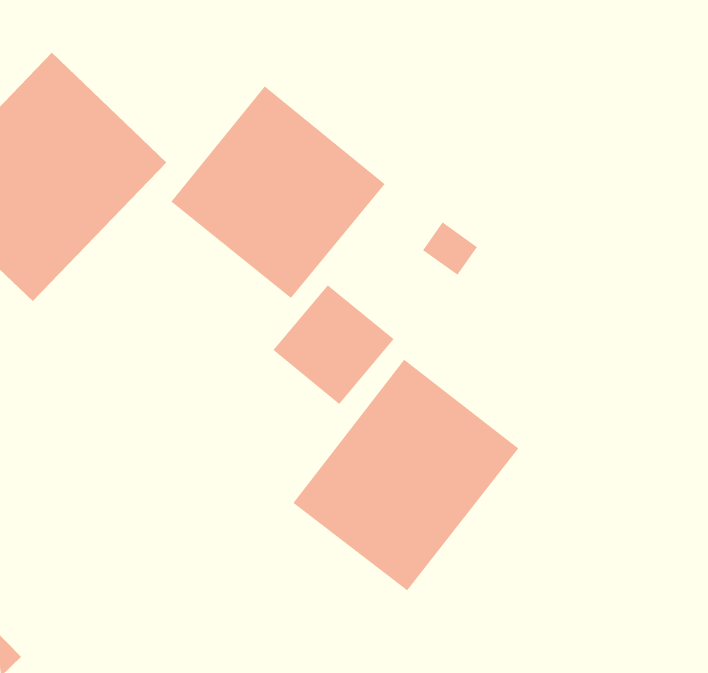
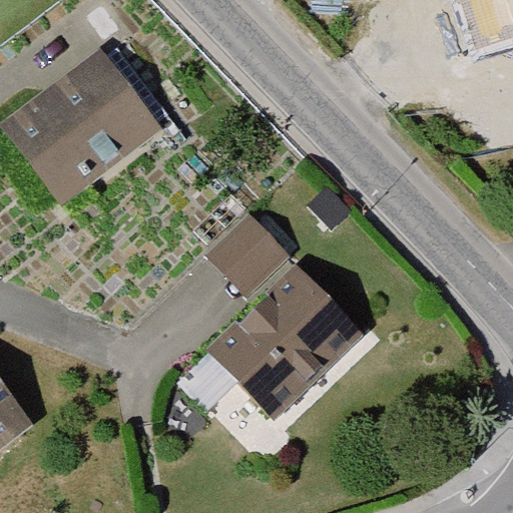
building: [170,85,385,299] -> none

